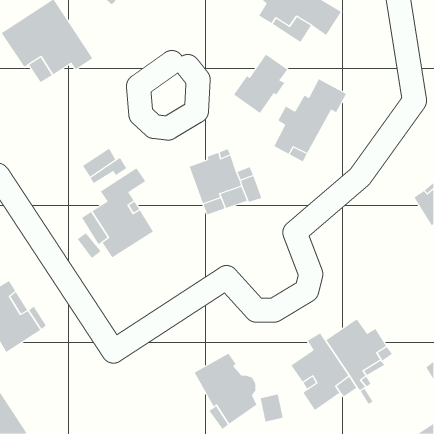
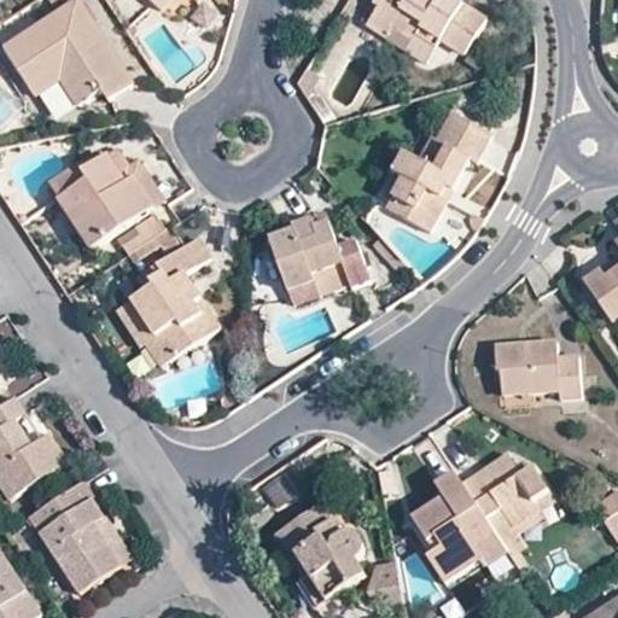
building: [233,54,288,114] -> none
building: none -> [46,152,153,247]
building: none -> [494,338,579,398]
building: none -> [28,482,119,590]

